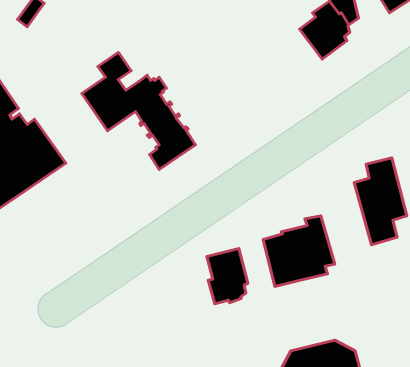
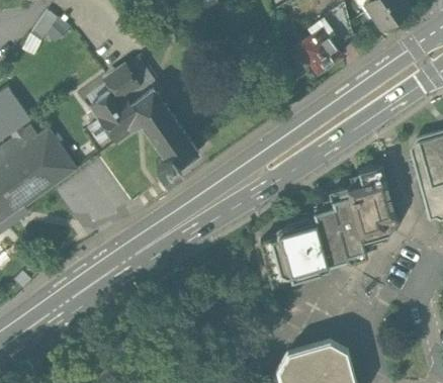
building: none -> [125,58,163,94]
building: none -> [314,189,363,266]
building: [207,248,248,304] -> none

